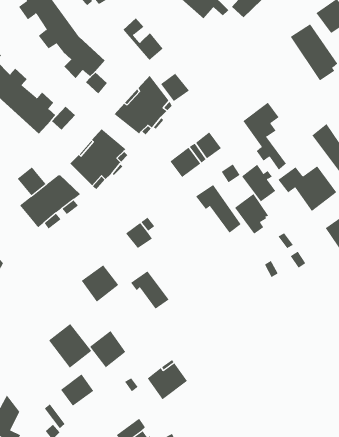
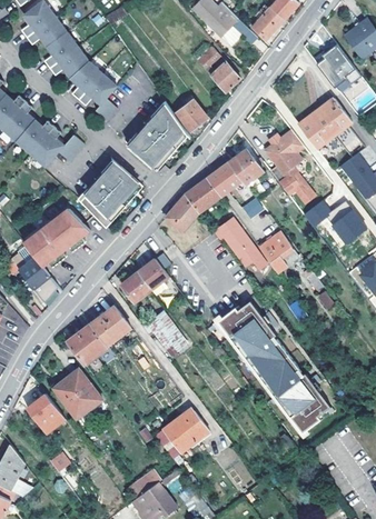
building: [122,18,164,61] -> [196,46,240,92]
building: none -> [297,99,352,149]
building: none -> [166,194,202,232]
building: [241,164,276,202] -> [229,149,267,190]
building: [17,166,47,196] -> [19,257,51,289]
building: none -> [121,272,151,302]
building: none -> [216,302,328,436]
building: [89,330,126,368] -> [67,323,107,365]
building: [60,373,94,406] -> [22,395,59,430]

